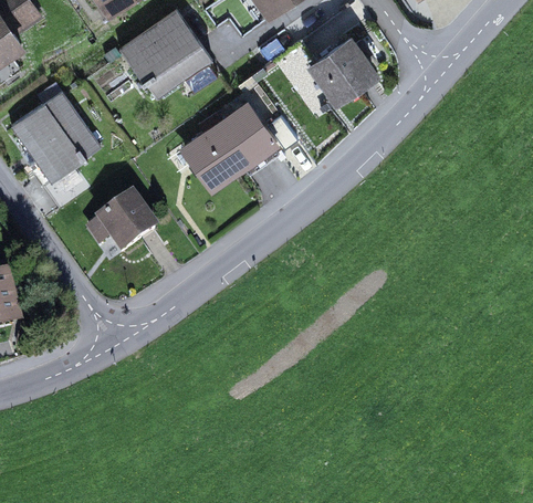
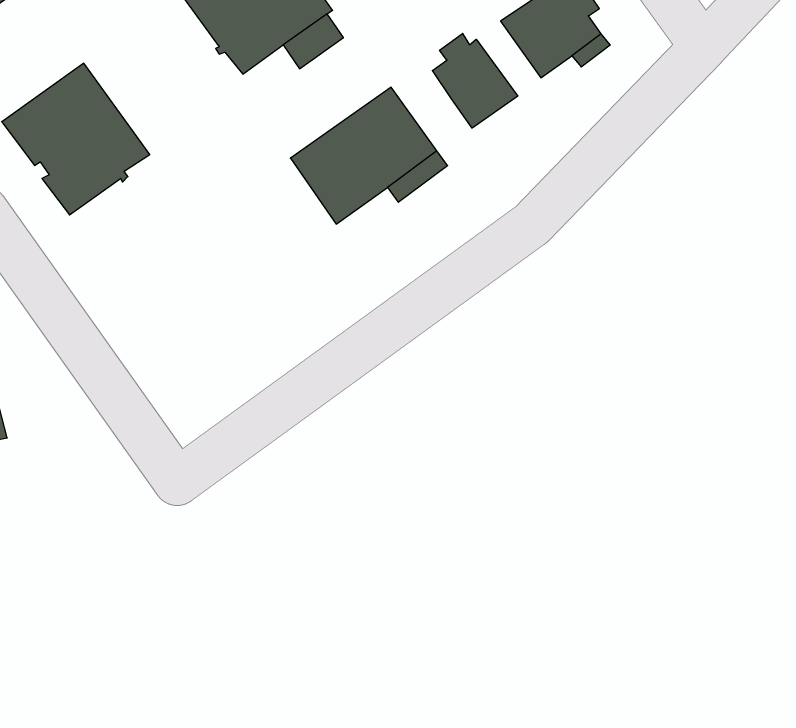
building: none -> [432,33,518,128]
building: [88,198,154,252] -> none

